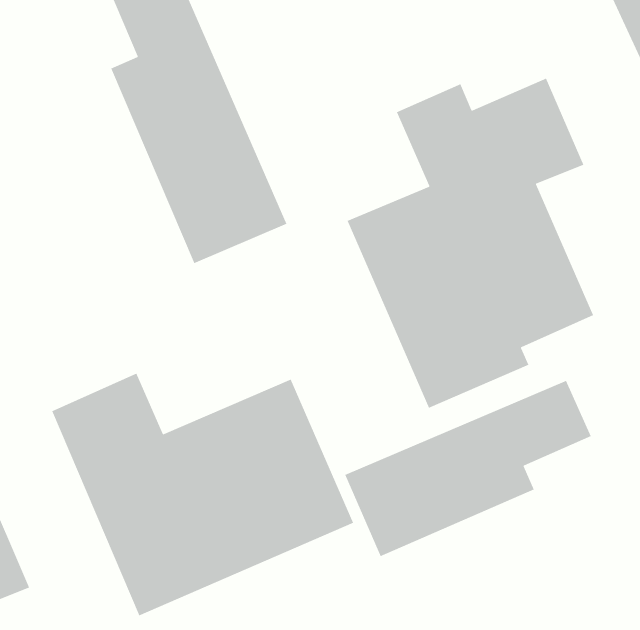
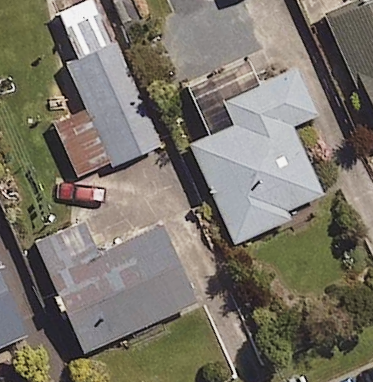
building: [344,380,592,557] -> none

